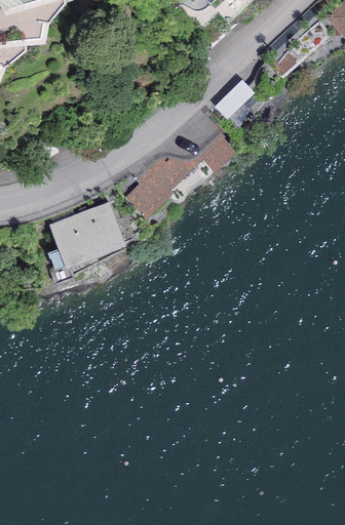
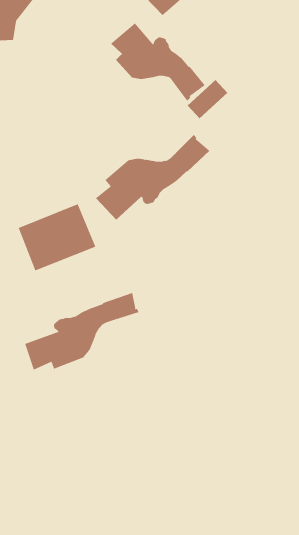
building: none -> [110,22,206,101]
building: none -> [25,292,139,370]

